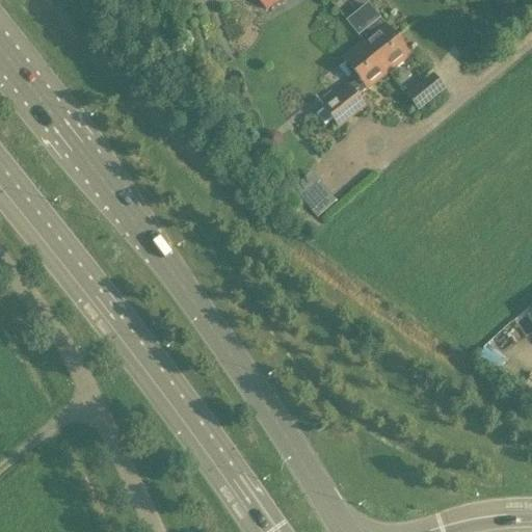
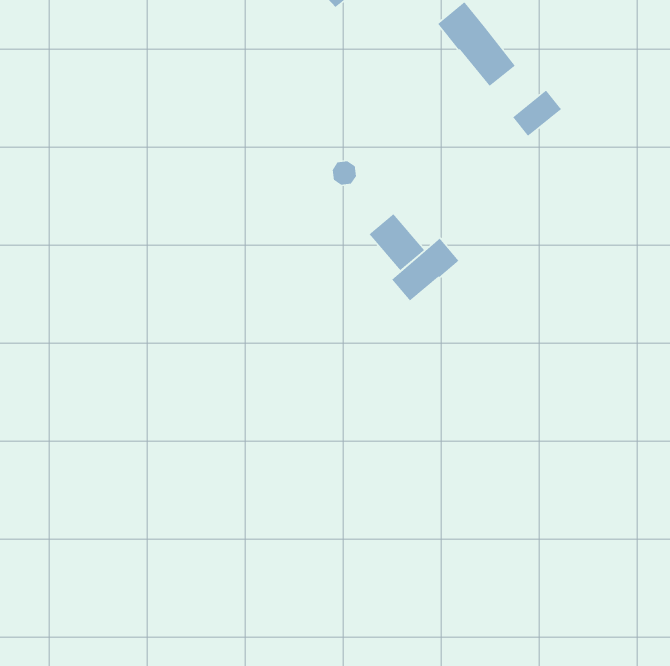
building: [318,39,389,124] -> none
building: none -> [391,238,459,301]

